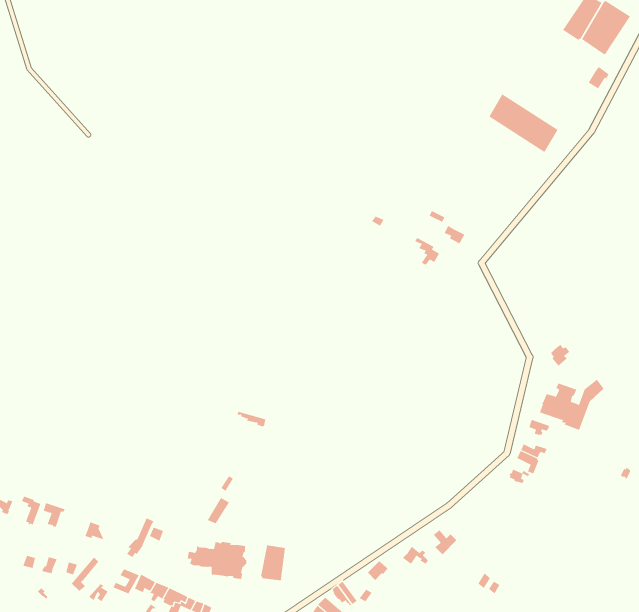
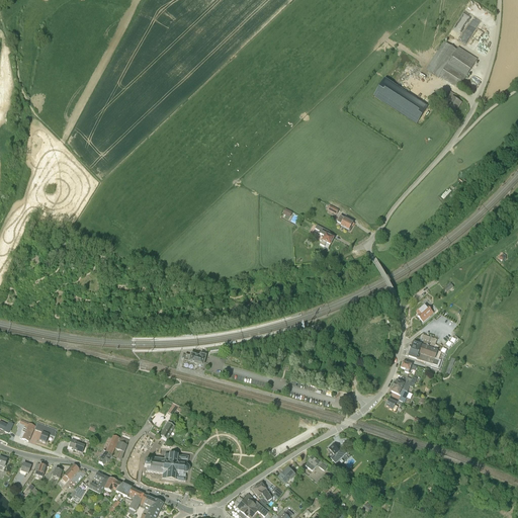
building: [488,94,558,153] -> [374,78,427,122]
building: [261,544,286,581] -> none

